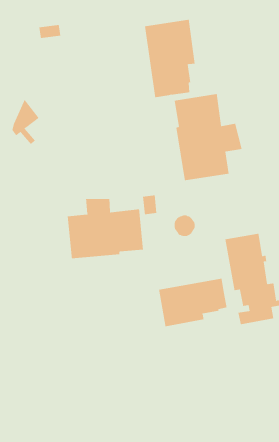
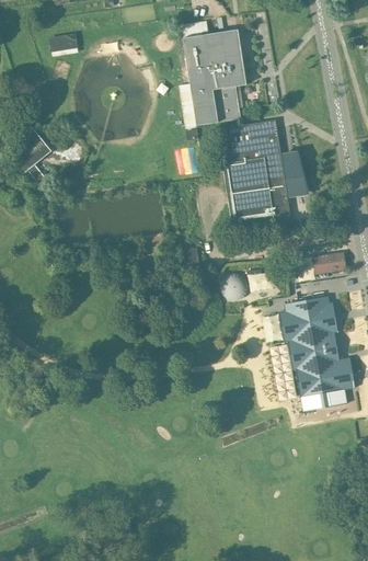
building: [67,198,144,259] -> none
building: none -> [313,253,344,273]
building: [159,278,227,327] -> none

